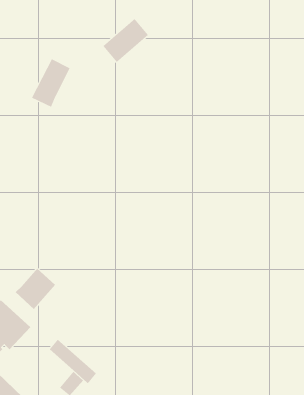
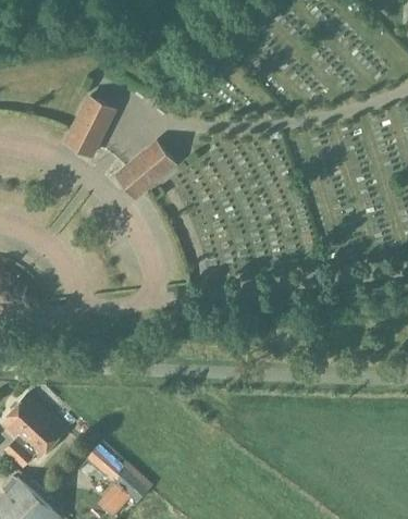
building: [103,18,149,63] -> [118,141,175,197]
building: [15,268,56,310] -> none

